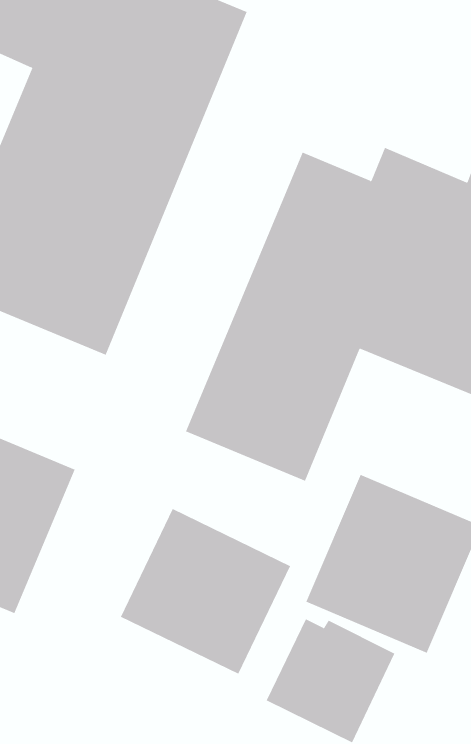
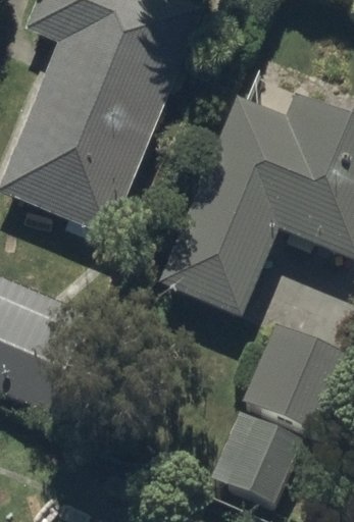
building: [120,508,291,675] -> none

